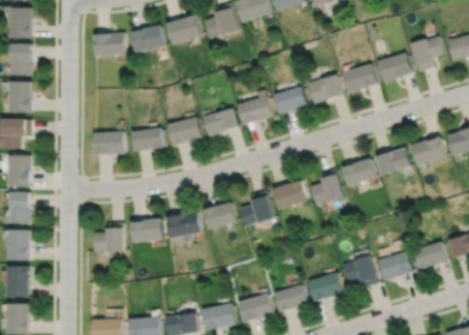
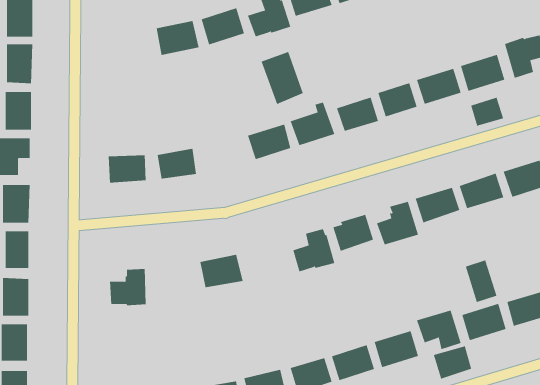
building: [95,31,127,55] -> none
building: none -> [261,51,303,105]
building: none -> [470,97,504,126]
building: [168,116,204,145] -> none
building: [204,202,237,229] -> none
building: none -> [465,259,497,303]
building: [130,218,163,242] -> none
building: none -> [433,345,472,379]

